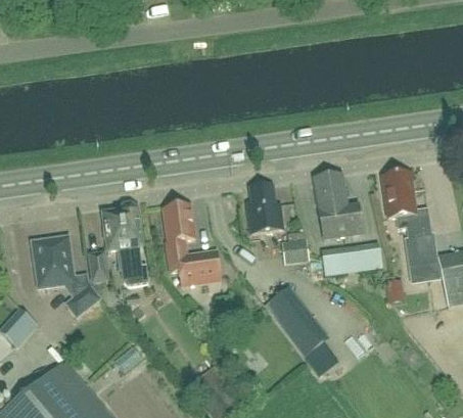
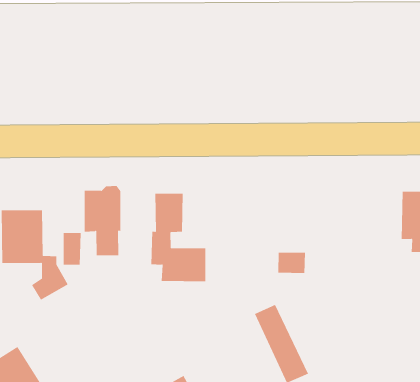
building: [314,175,364,238] -> none
building: [247,184,286,233] -> none
building: [322,243,382,277] -> none

